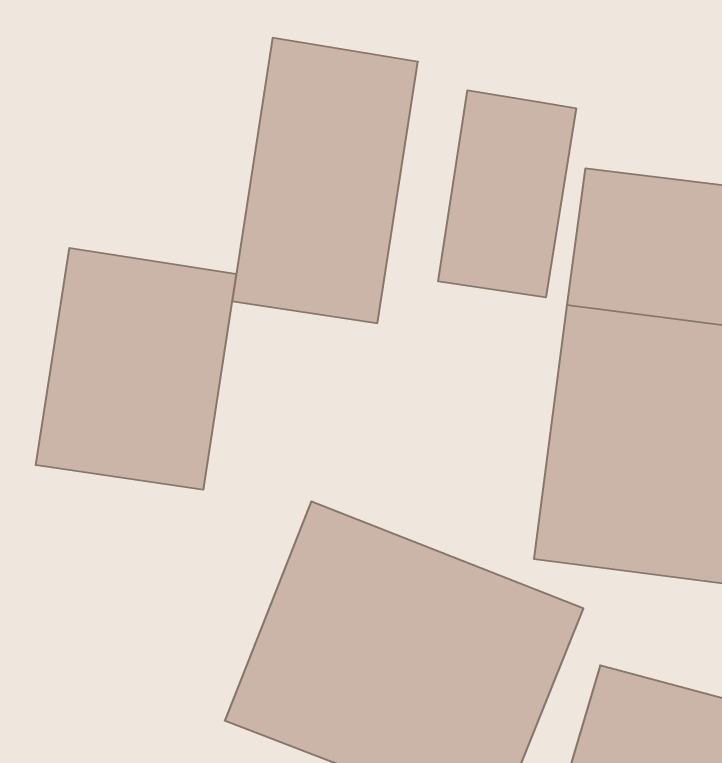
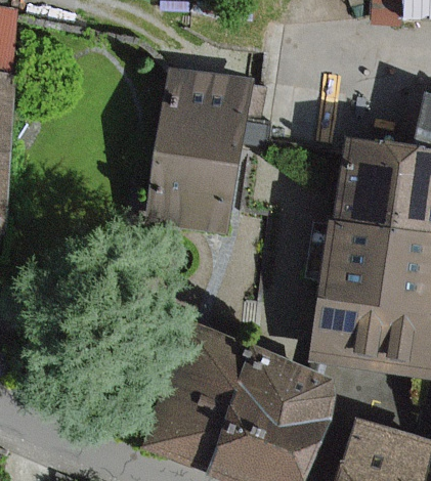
building: [438,90,576,297] -> none
building: [36,248,236,490] -> none

